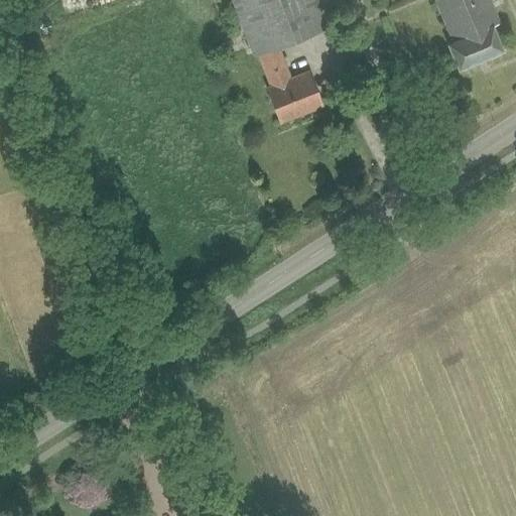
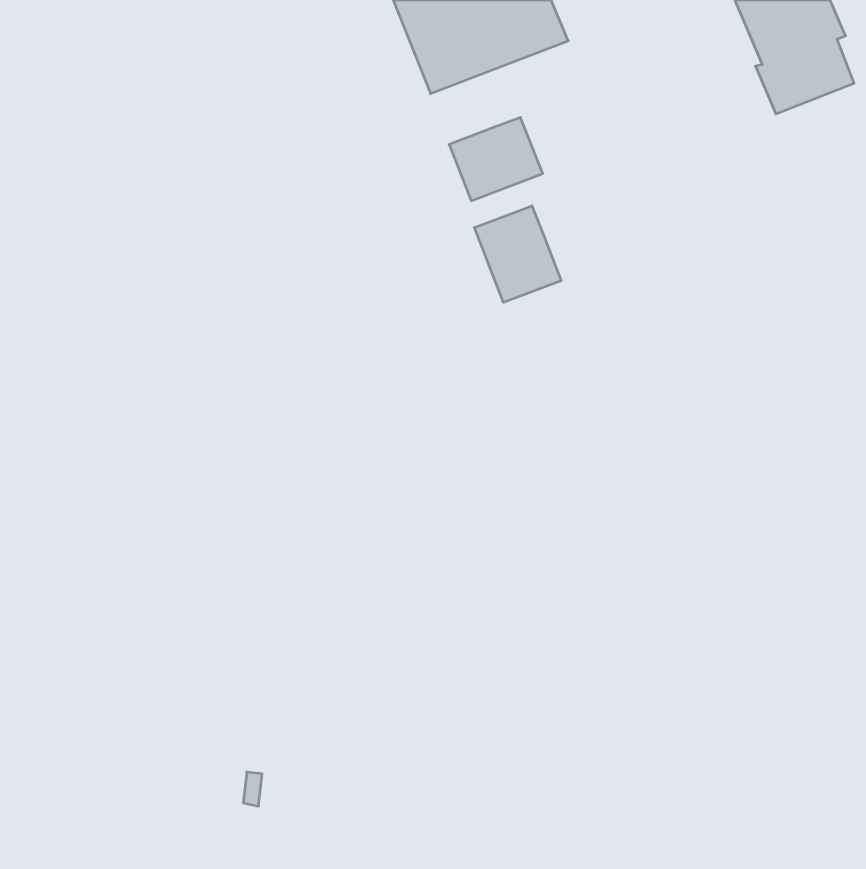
building: [255,45,292,86] -> none
building: none -> [474,206,561,302]

